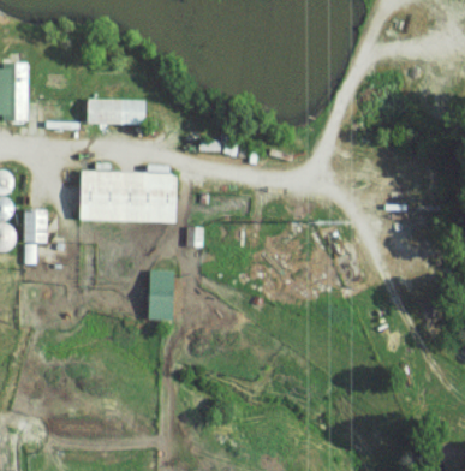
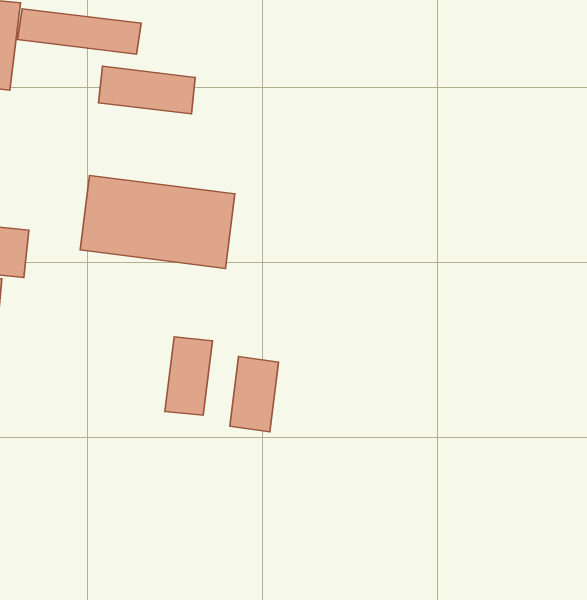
building: none -> [18,9,141,54]
building: none -> [230,356,279,432]

